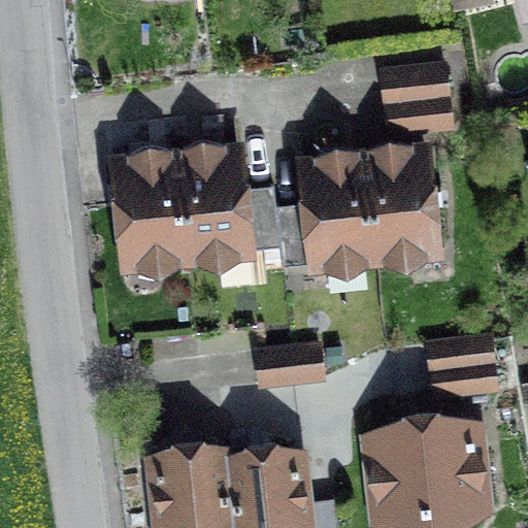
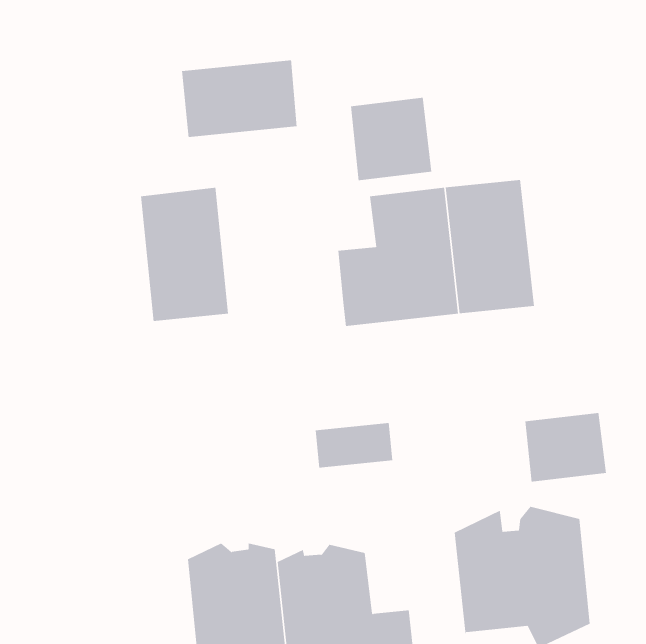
building: none -> [181,59,297,138]
building: [383,65,450,133] -> [350,97,432,181]
building: [176,148,279,258] -> none

